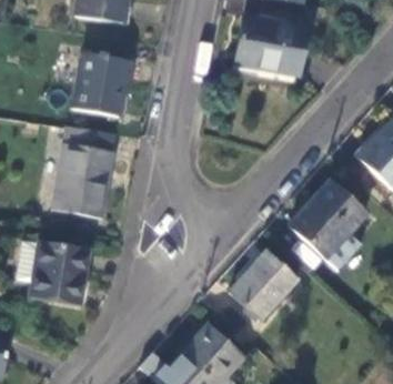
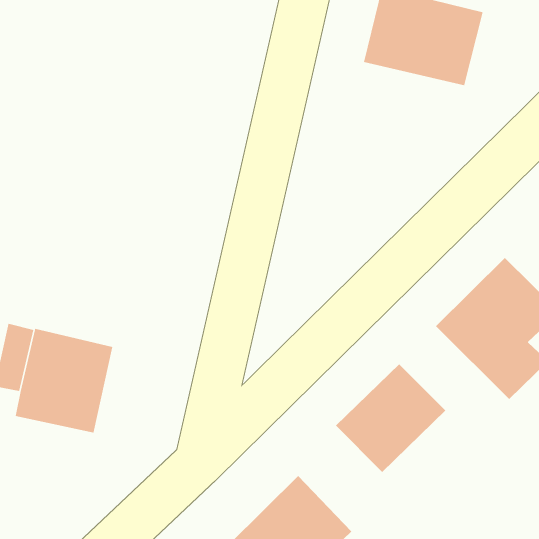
building: [73,52,132,118] -> none
building: [52,128,112,218] -> none

